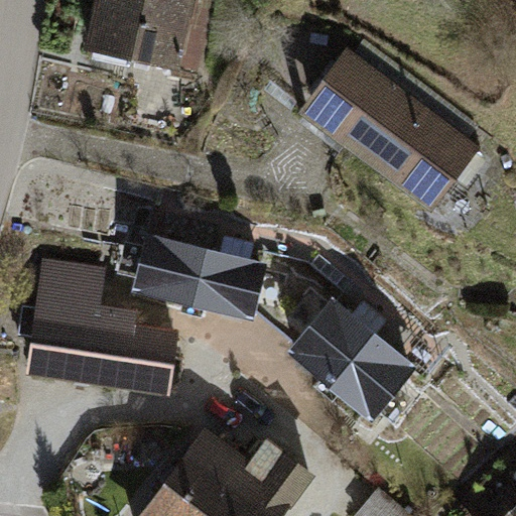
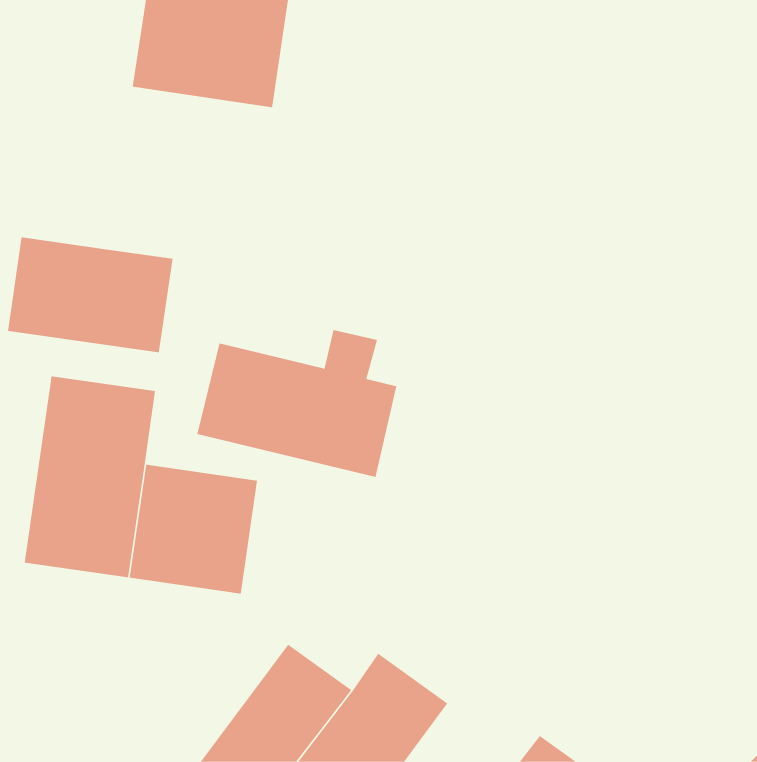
building: [293,49,479,215] -> none
building: none -> [7,236,173,353]
building: [296,296,420,415] -> none

